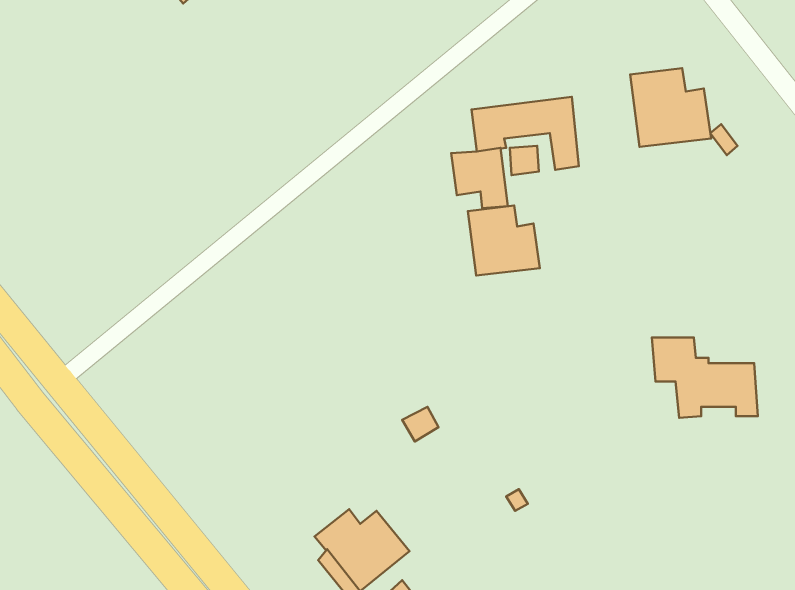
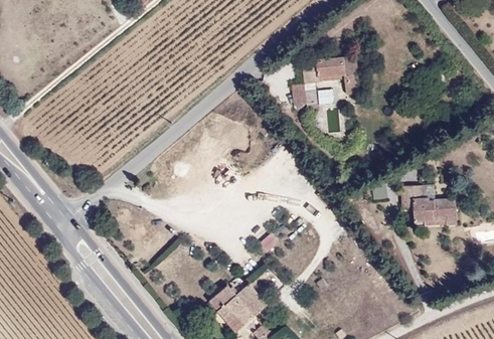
building: [630,68,711,147] -> none
building: [468,205,540,276] -> none

